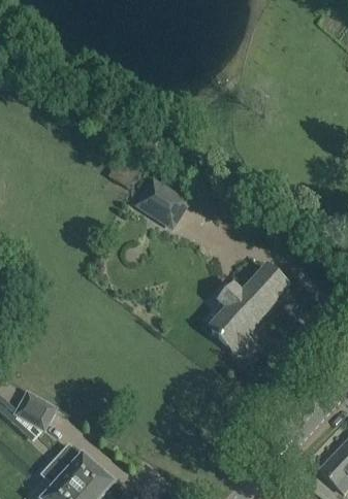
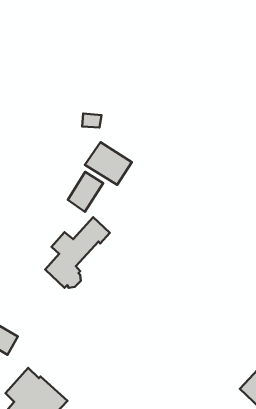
building: none -> [68,172,103,212]
building: [212,267,288,351] -> [45,217,110,288]

